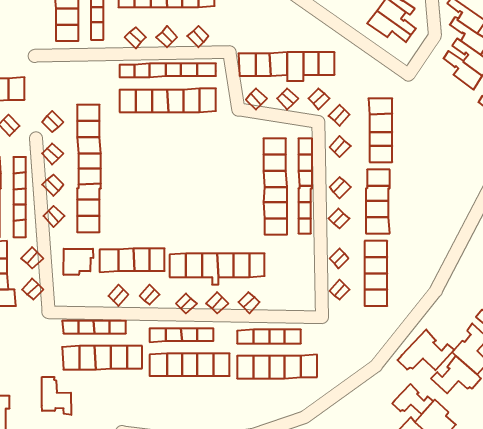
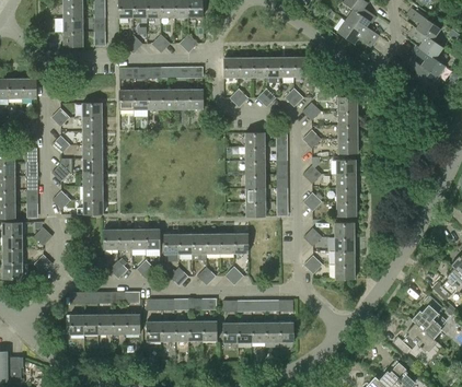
building: [64,249,93,275] -> none
building: [397,329,454,370] -> none
building: [42,377,71,415] -> none
building: [392,384,433,414] -> none

